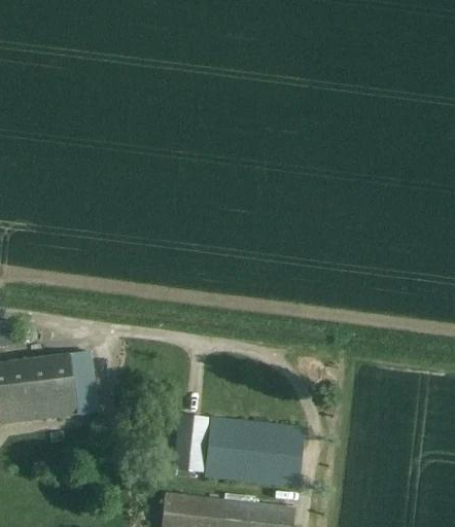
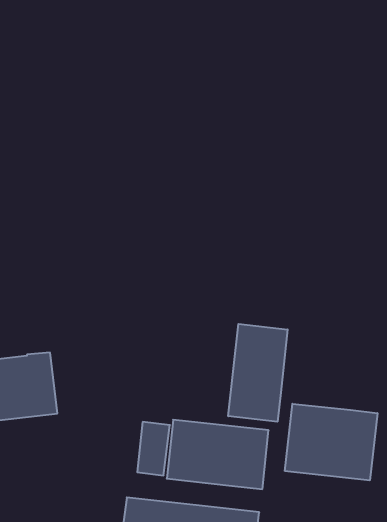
building: none -> [228,324,288,422]
building: none -> [285,404,377,480]

